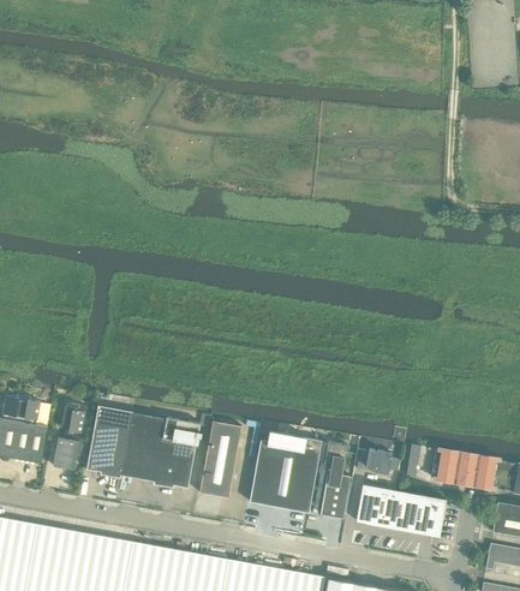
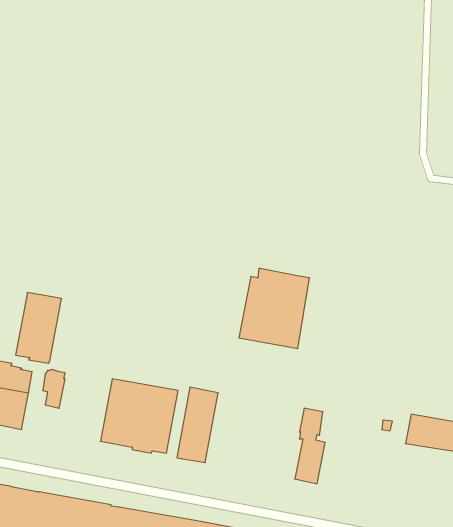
building: [86,406,133,478] -> [16,293,62,363]
building: [249,431,321,513] -> [239,268,310,349]
building: [53,437,79,470] -> none
building: [357,449,400,474] -> none
building: [357,484,446,536] -> none

